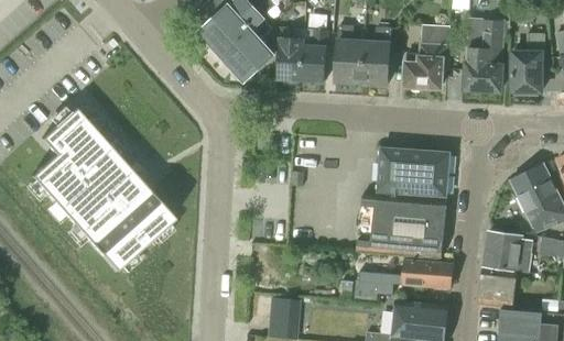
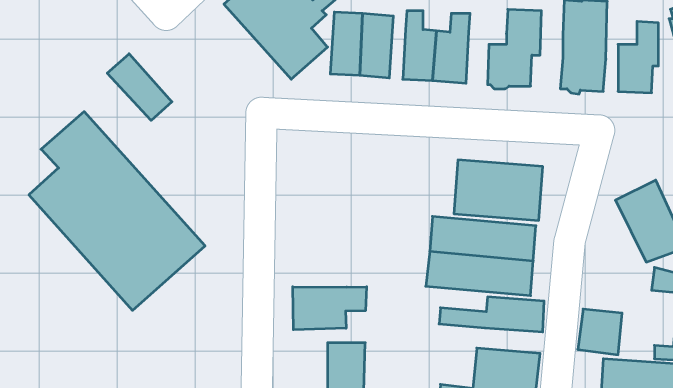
building: none -> [107,54,172,120]
building: [485,232,533,272] -> none
building: none -> [293,287,367,330]

